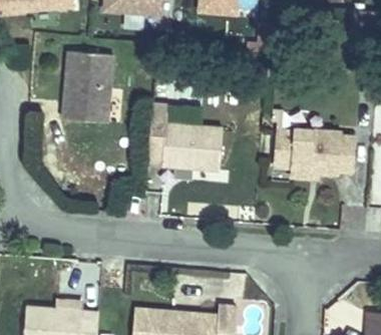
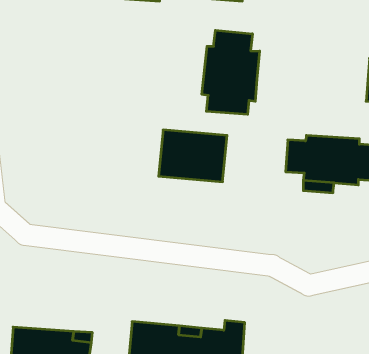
building: none -> [202,30,260,114]
building: [63,47,112,118] -> none

